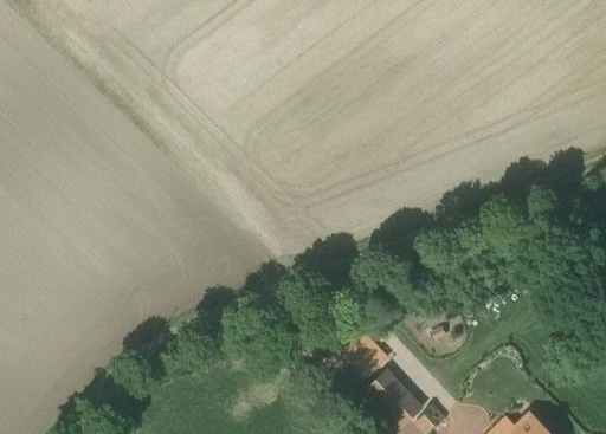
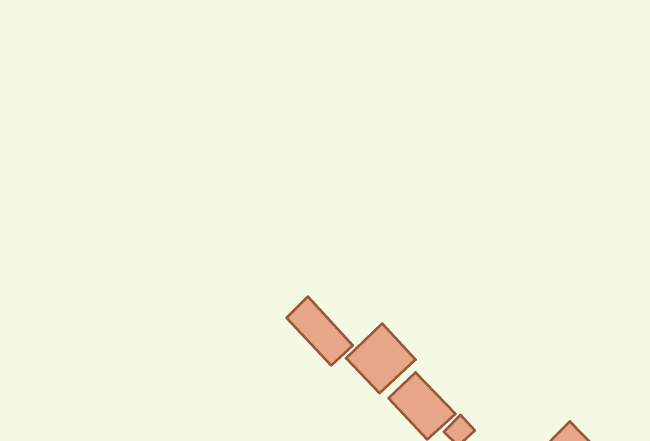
building: none -> [287,297,353,365]

